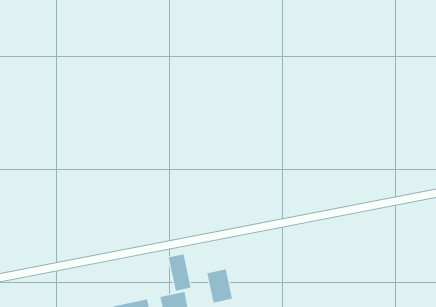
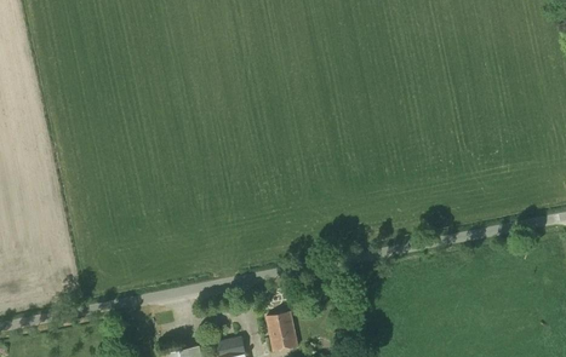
building: [168,253,191,291] -> none

